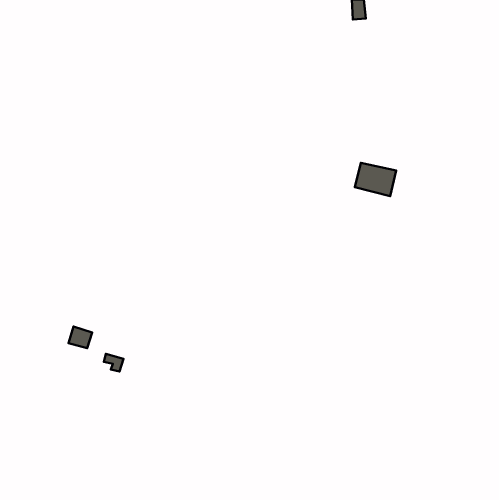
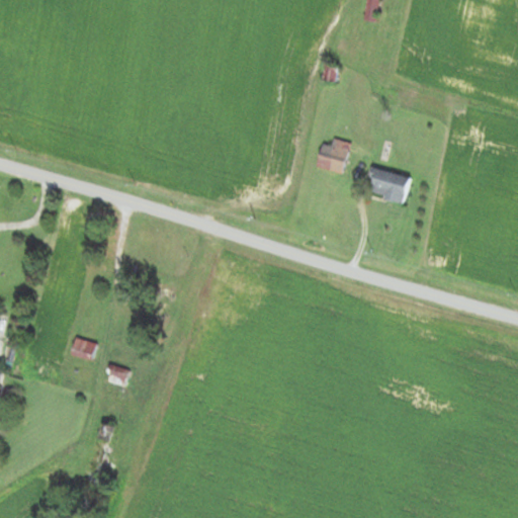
building: none -> [315,137,350,173]

